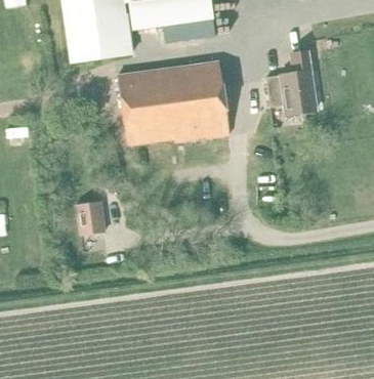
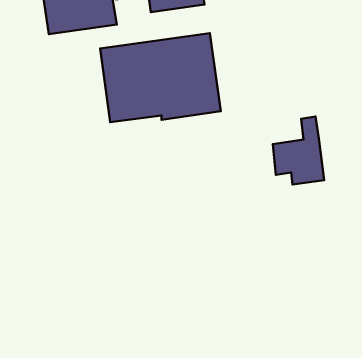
building: [267,52,316,116] -> [273,117,324,185]
building: [75,200,106,236] -> none

